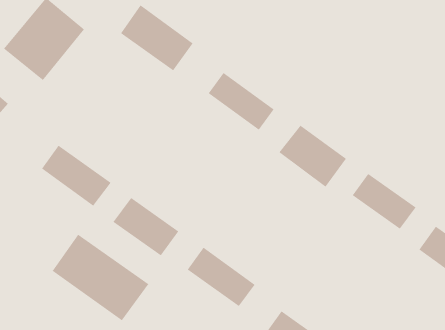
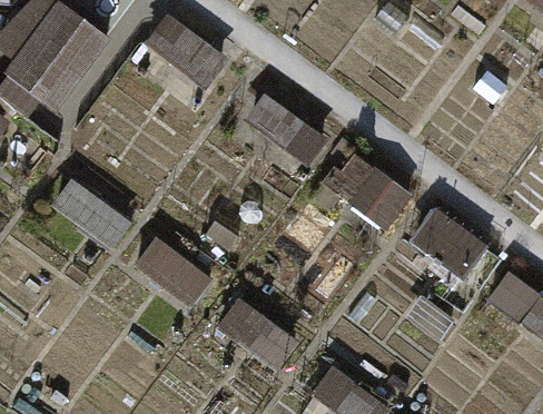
building: [52,234,149,321] -> none

